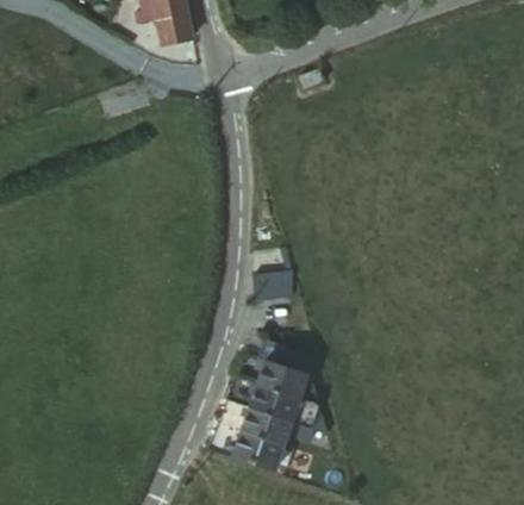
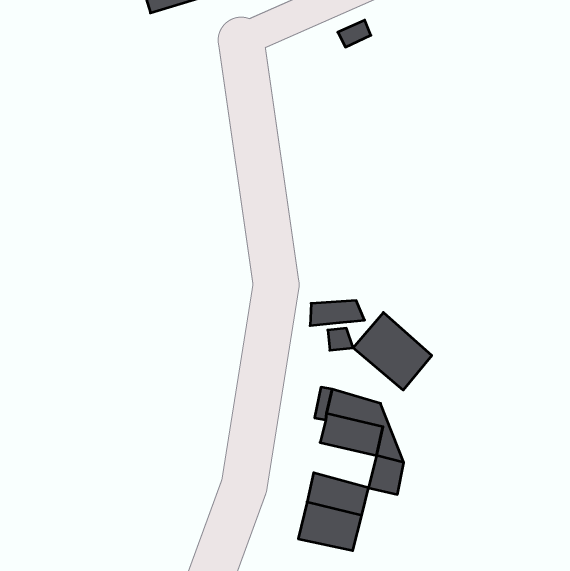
building: none -> [353,312,432,390]
building: [245,386,294,424] -> none

